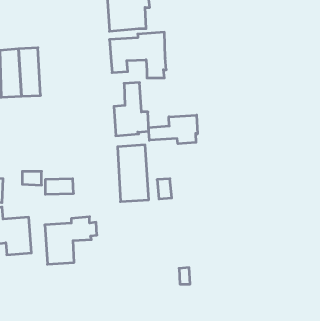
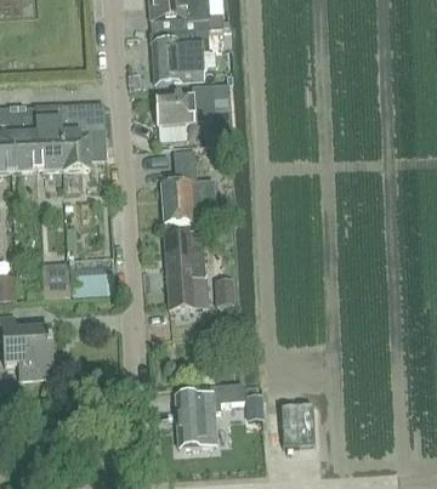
building: none -> [59,101,106,167]
building: [149,115,197,144] -> none
building: [45,217,97,264] -> [175,382,244,445]
building: none -> [280,404,314,445]

